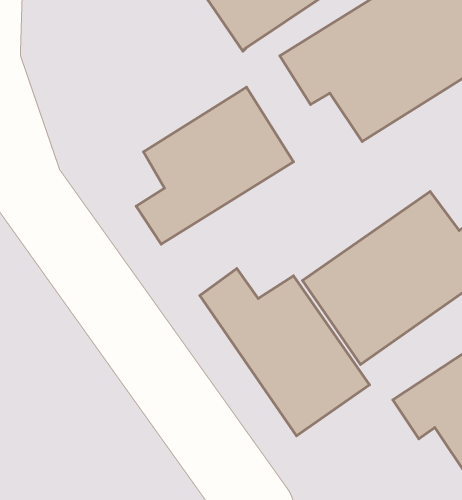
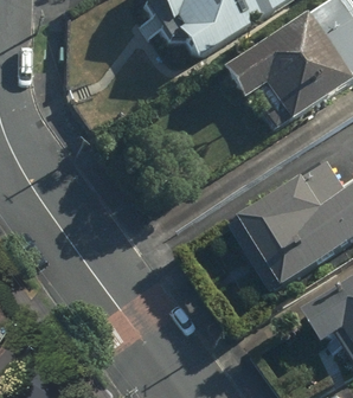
building: [136,87,293,244] -> none
building: [200,269,369,436] -> none

